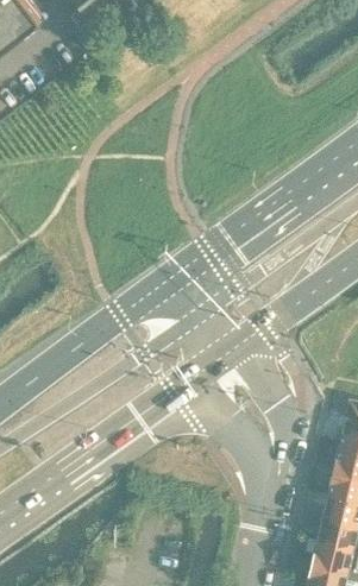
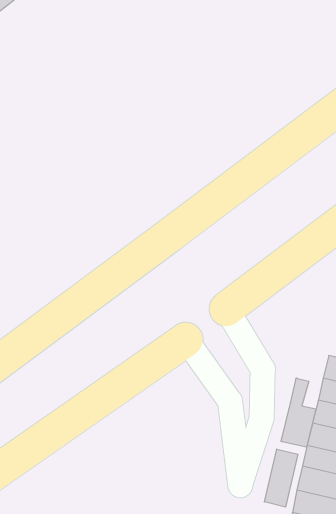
building: none -> [281,378,316,447]
building: none -> [264,449,298,507]

